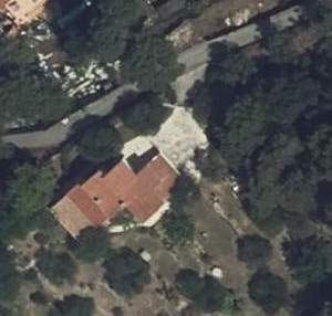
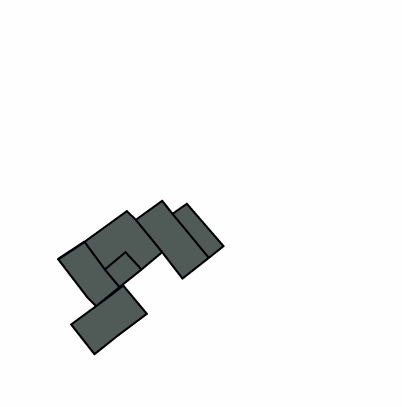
building: none -> [71,286,147,354]

